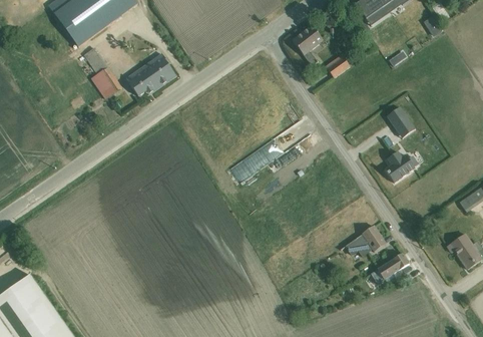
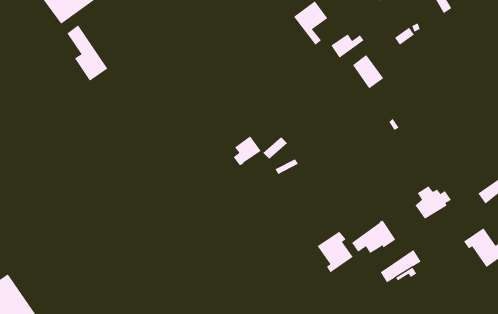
building: [125,53,175,95] -> none
building: [386,105,415,137] -> [352,54,384,89]
building: [384,150,418,182] -> [415,186,452,220]
building: none -> [317,231,354,273]

